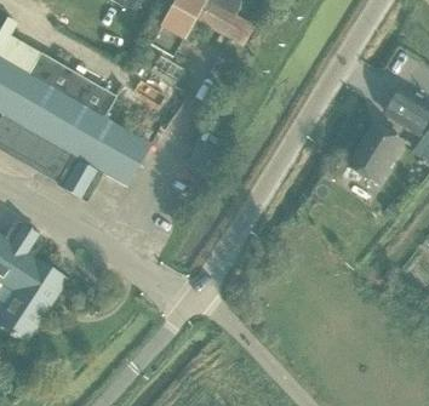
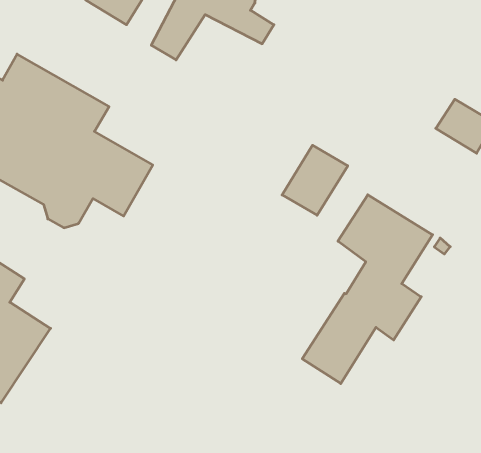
building: [349,124,404,182] -> [282,145,348,215]
building: none -> [302,195,433,384]

